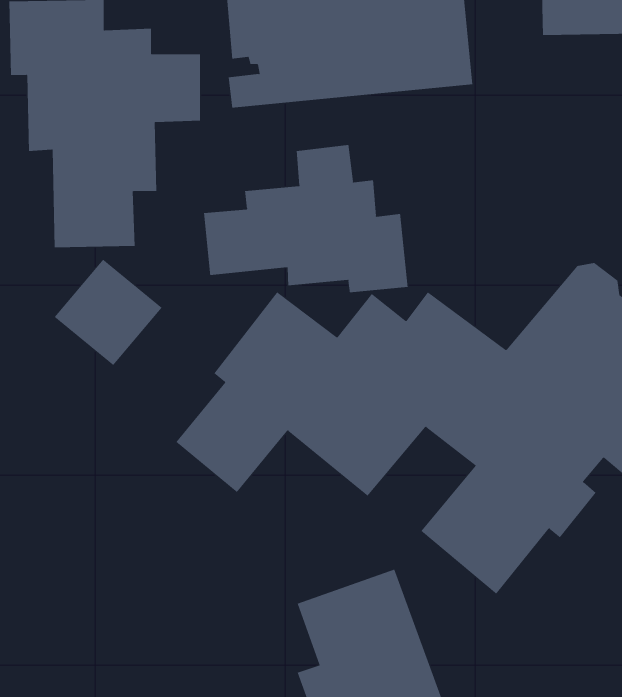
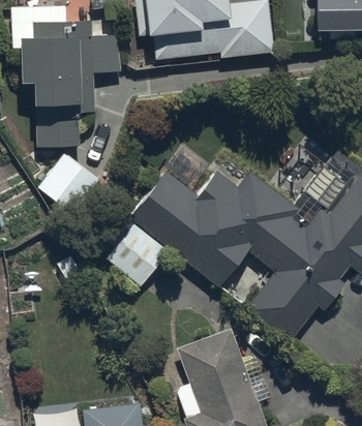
building: [204,144,408,293] -> none

